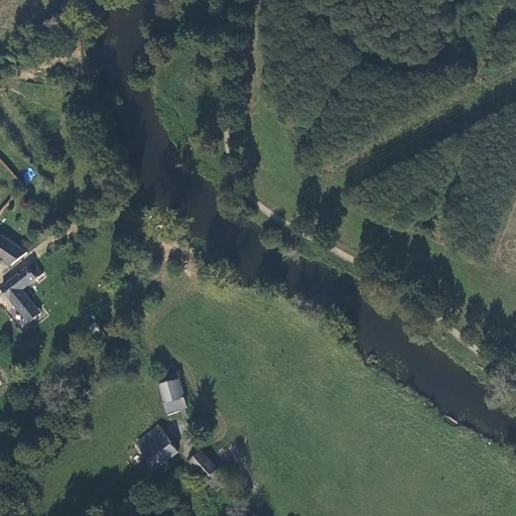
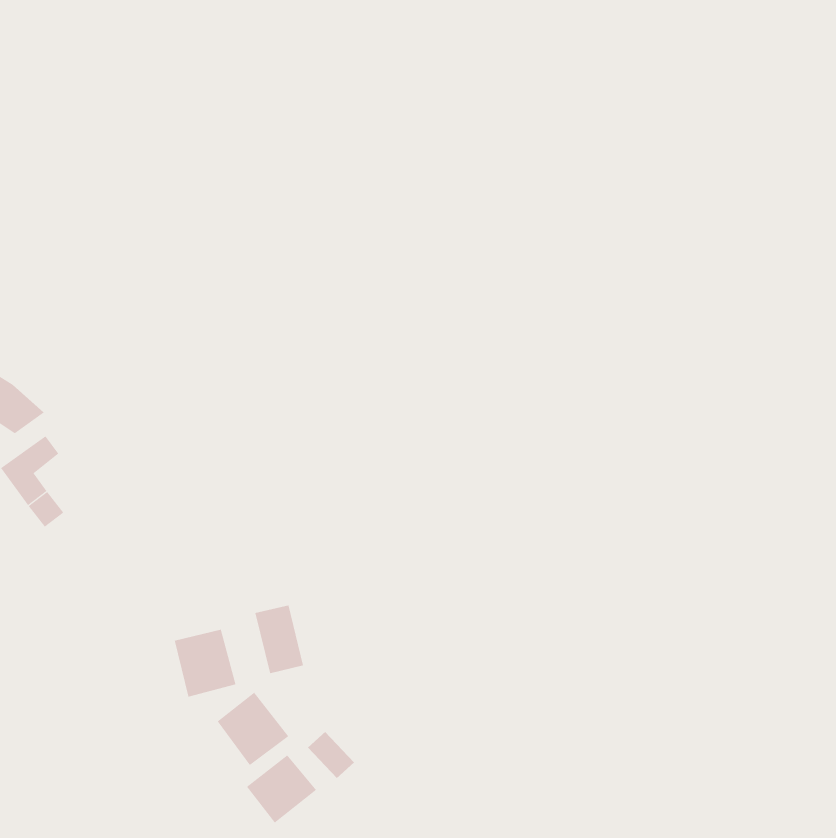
building: none -> [174,629,236,698]
building: none -> [246,754,317,823]

